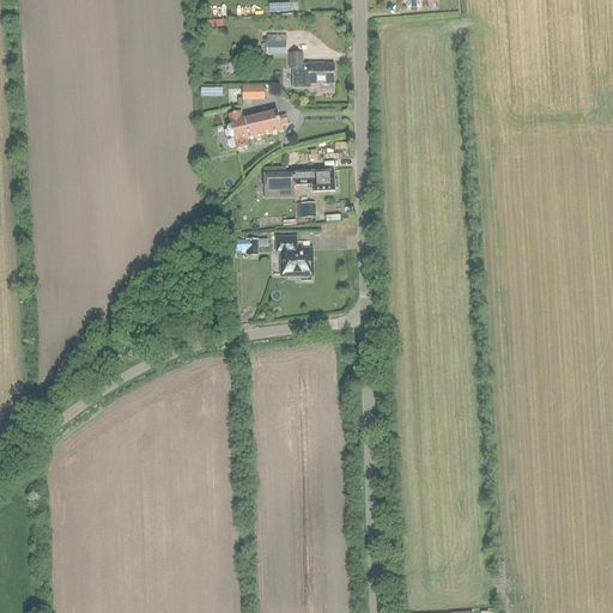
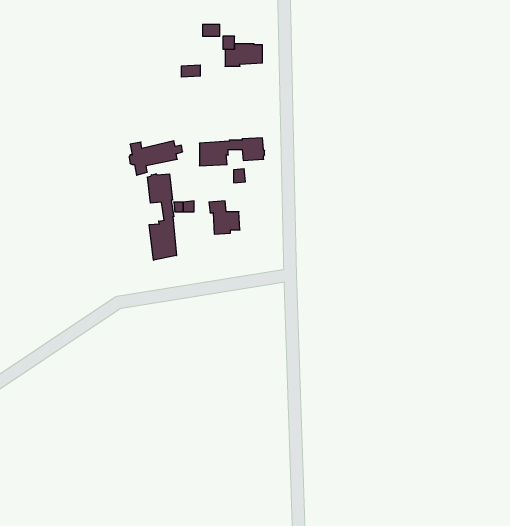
building: [227,109,287,147] -> [129,141,183,175]
building: none -> [148,174,176,260]

